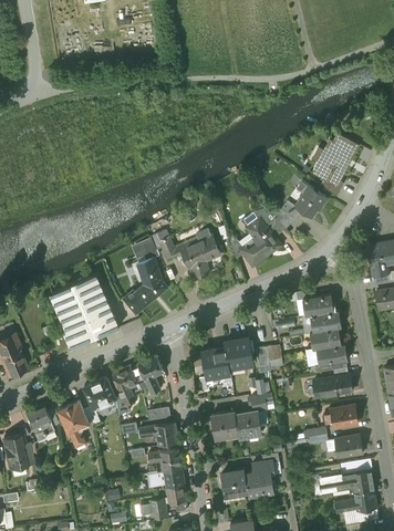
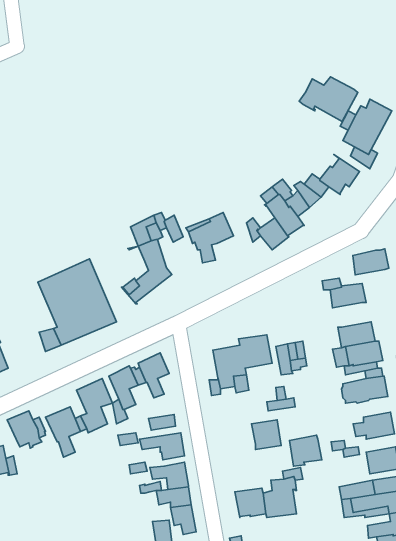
building: none -> [299,77,358,122]
building: [311,311,342,333] -> [353,249,389,275]
building: [211,413,239,439] -> [290,435,322,466]

